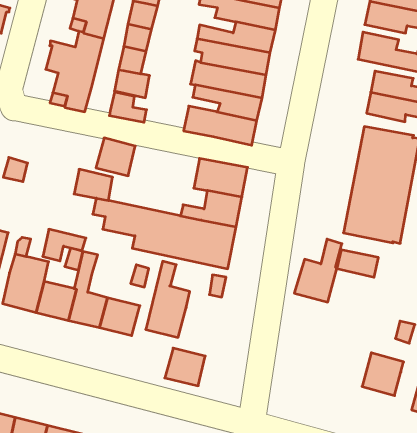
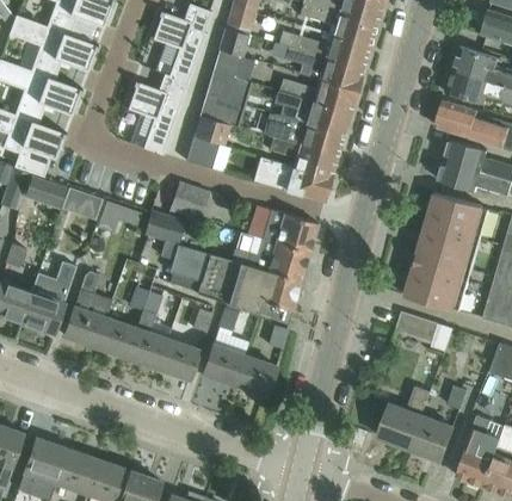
building: [43,229,86,261] -> [97,199,141,231]
building: [294,239,342,302] -> [378,386,430,449]
building: [165,348,205,386] -> [234,355,276,395]

